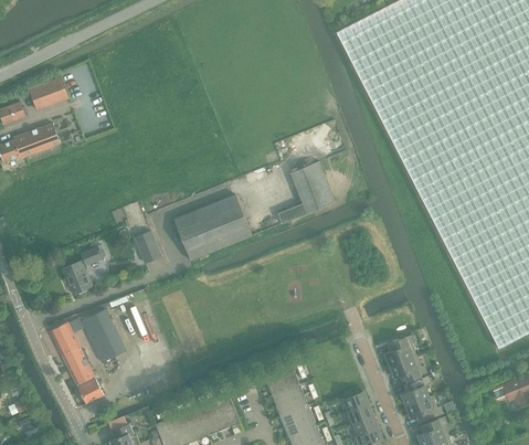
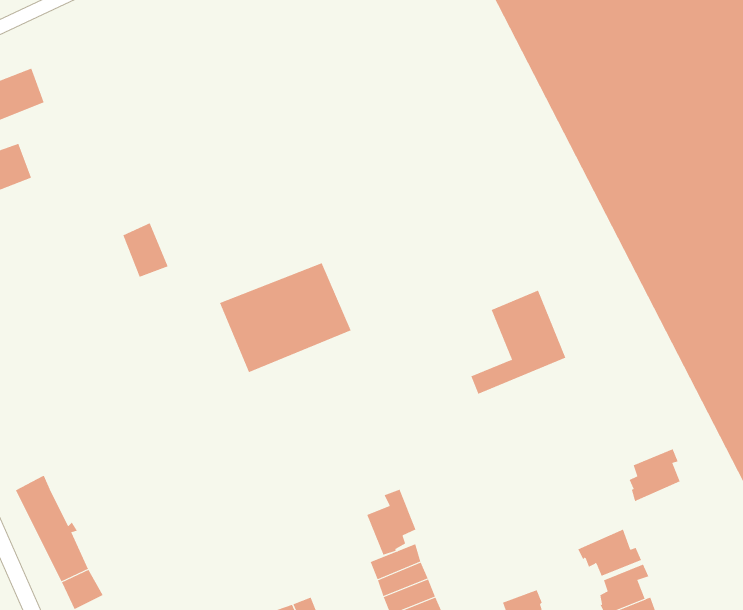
building: [278,160,336,223] -> [471,290,566,395]
building: [135,230,162,263] -> [123,222,169,278]
building: [62,247,106,295] -> none
building: [68,309,127,362] -> none
building: none -> [367,489,416,556]
building: [385,335,416,367] -> [629,448,680,502]

